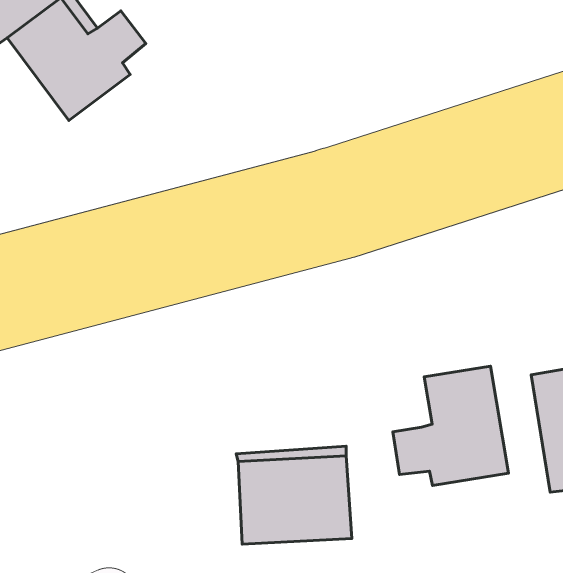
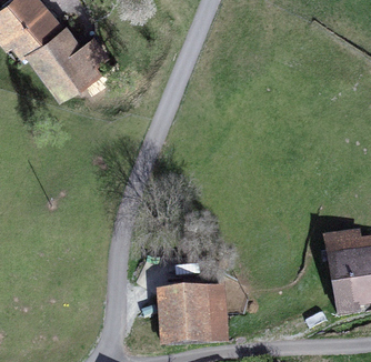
building: [393,366,509,486] -> none

